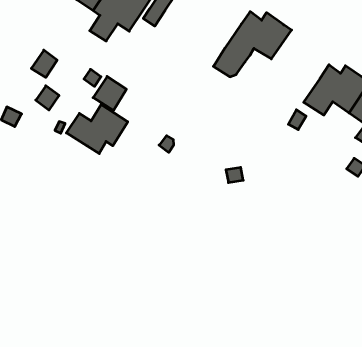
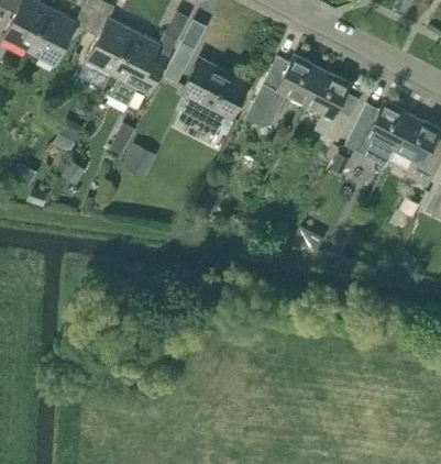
building: none -> [181,60,245,130]
building: none -> [305,70,359,141]
building: [66,105,128,154] -> none

